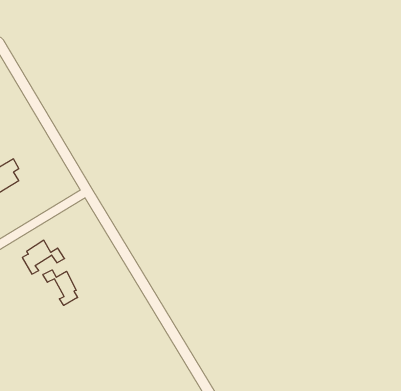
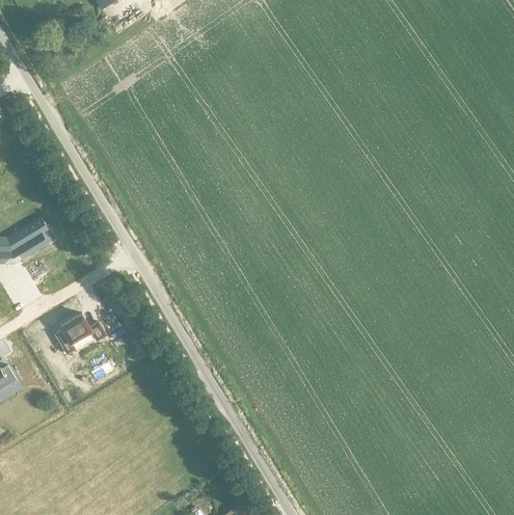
building: [43,270,78,305] -> none

